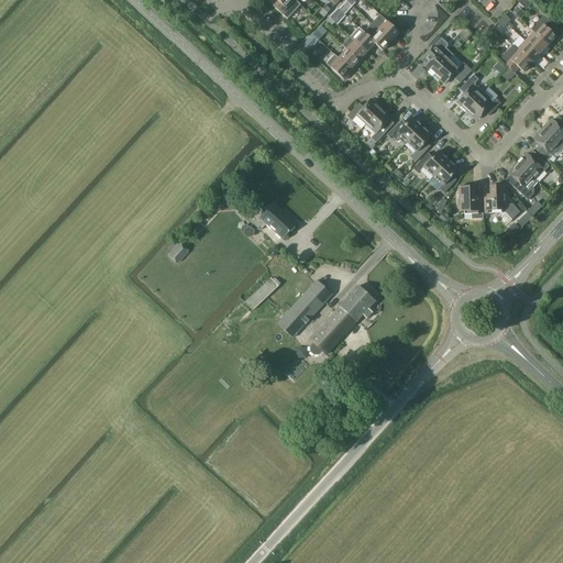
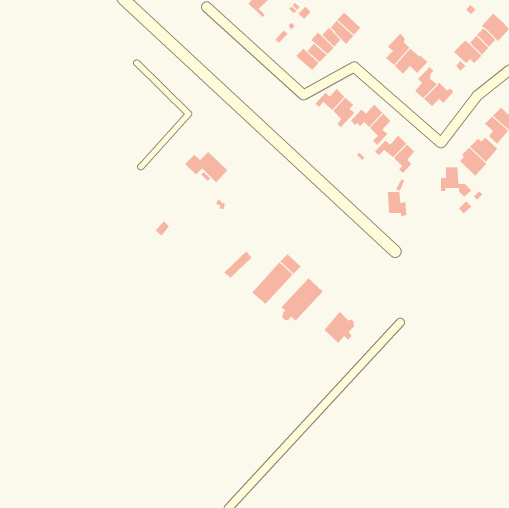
building: [460,185,482,212] -> [387,192,407,217]
building: [249,202,297,238] -> [184,151,228,183]
building: [341,285,376,321] -> [324,311,355,344]

